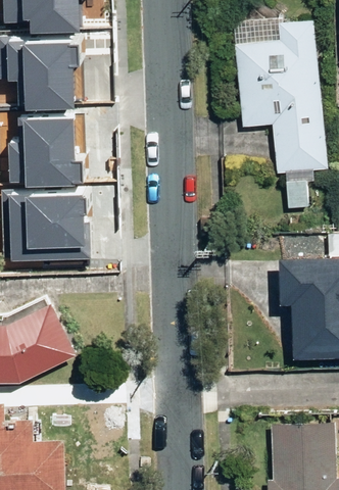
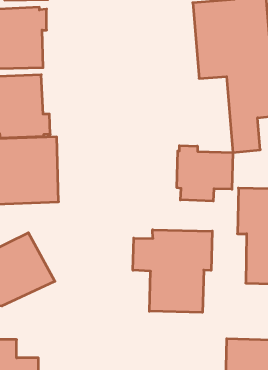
building: none -> [177,146,233,201]
building: none -> [133,230,212,312]

